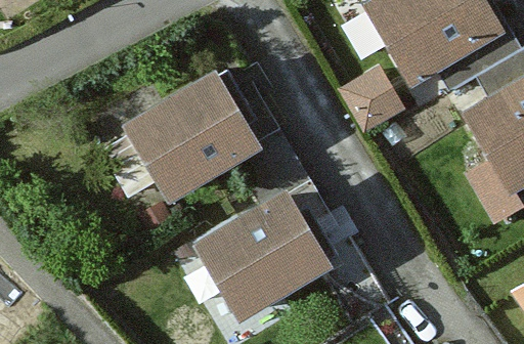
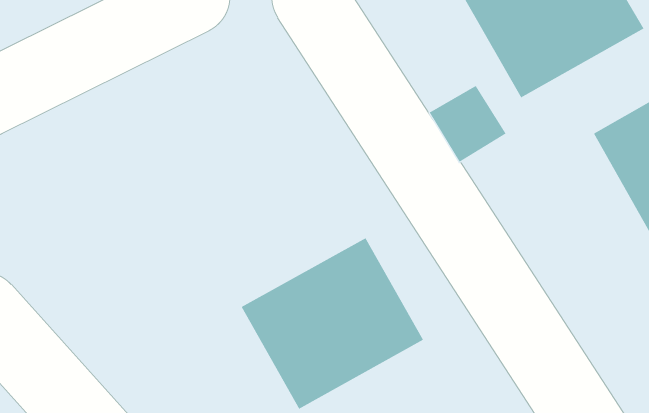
building: [125,69,267,204] -> none

